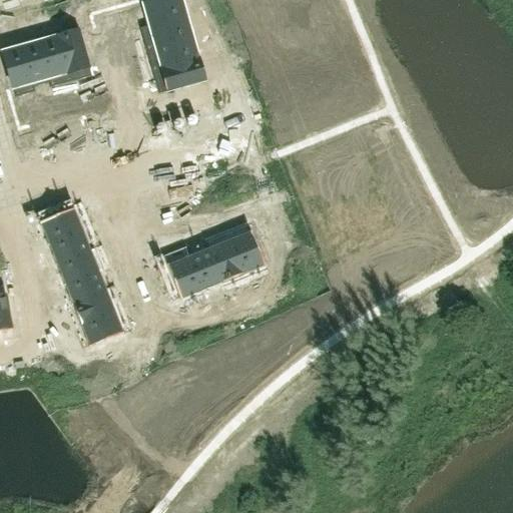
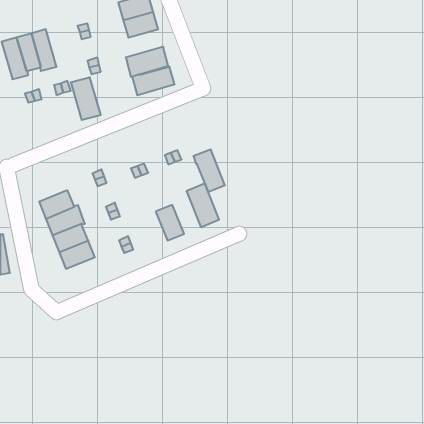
building: [57,29,93,80] -> [71,77,101,120]
building: [147,35,198,69] -> [132,67,175,95]
building: [40,206,83,242] -> none
building: [205,229,243,281] -> [193,149,225,192]
building: [163,244,203,298] -> none
building: [81,309,124,345] -> none

